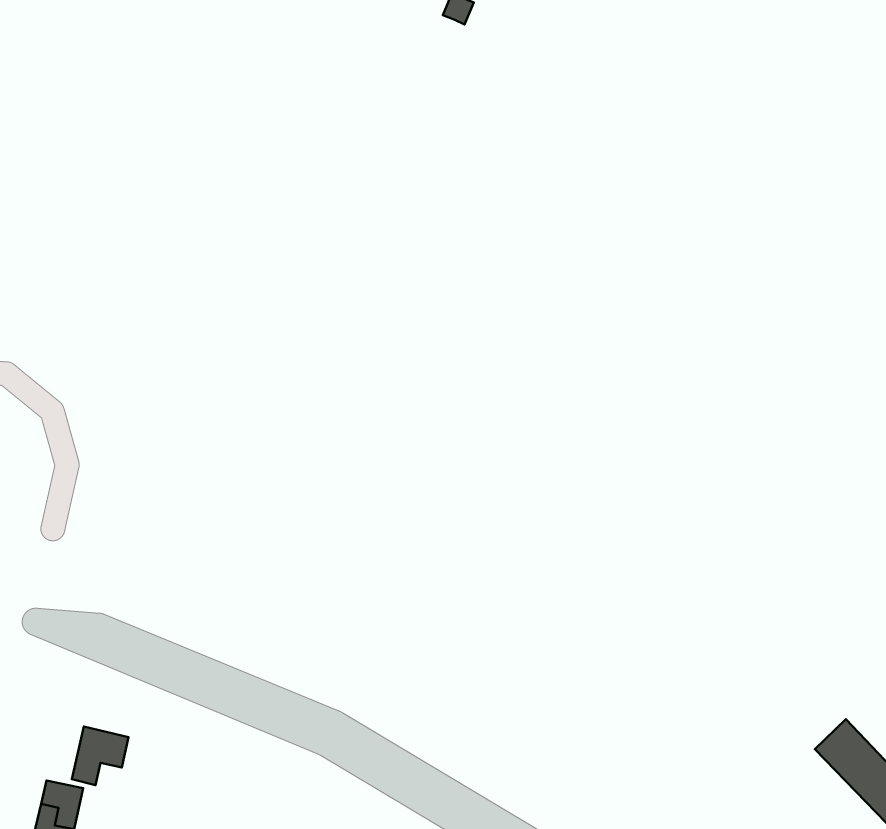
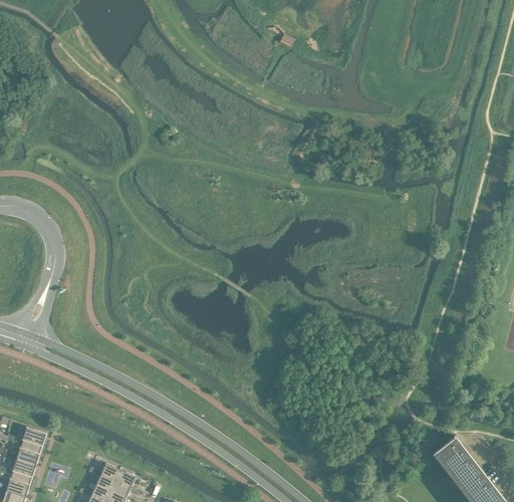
building: [72,726,129,785] -> none

